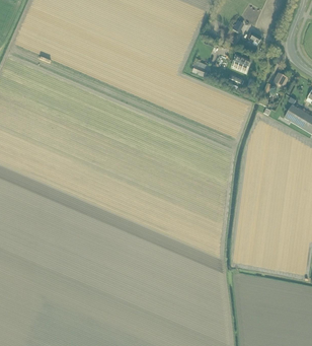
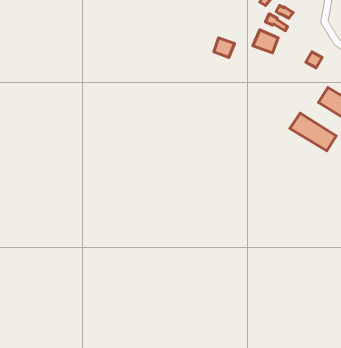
building: none -> [290,113,336,151]

